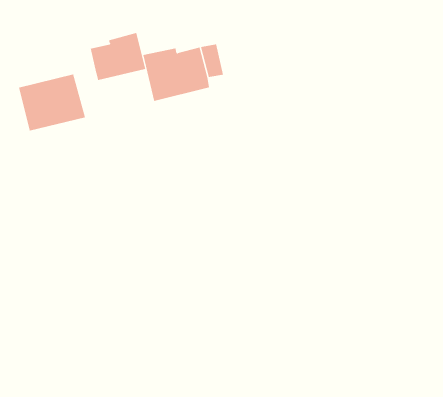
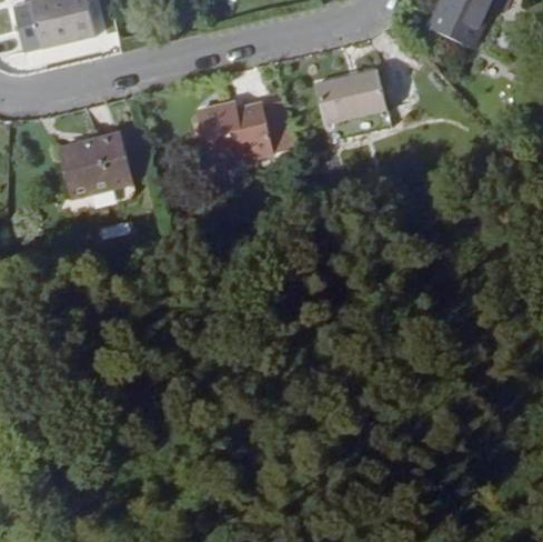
building: none -> [313,69,385,124]
building: [90,32,146,81] -> none

